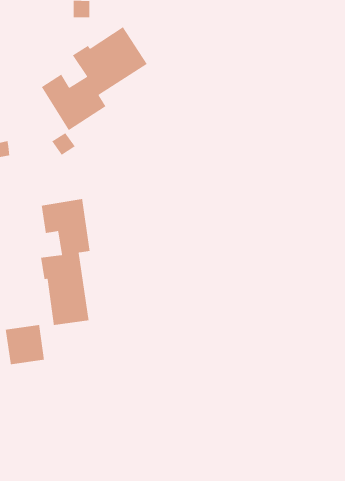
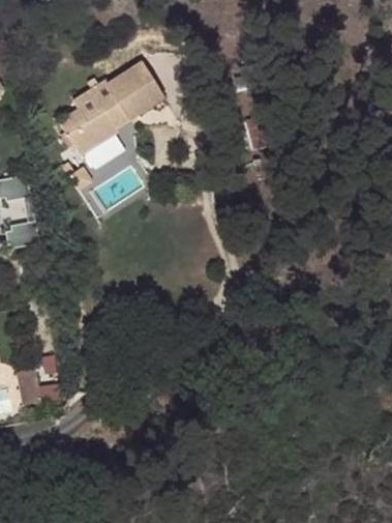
building: [40,198,90,326] -> none

